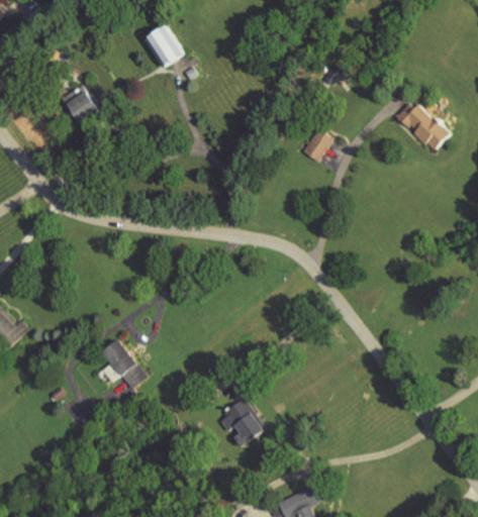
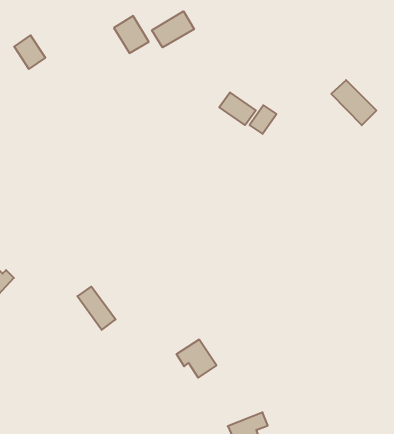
building: none -> [152,11,194,47]
building: [62,84,98,123] -> [14,35,45,69]
building: none -> [219,92,256,125]

